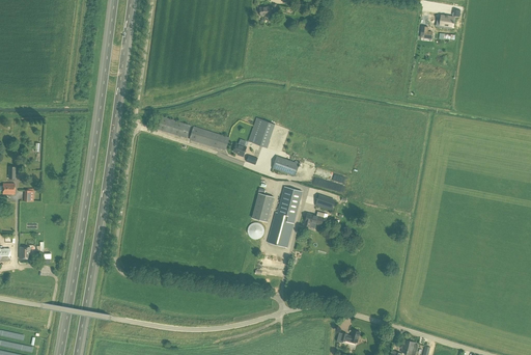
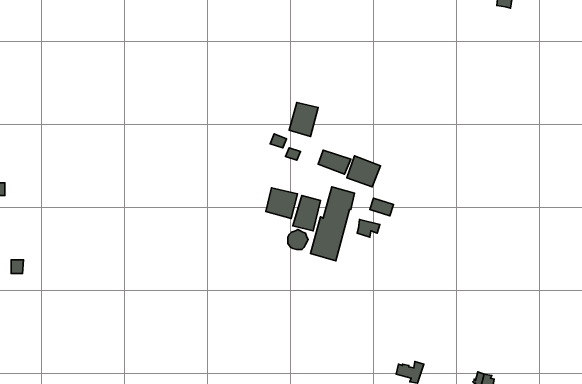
building: none -> [347,156,381,187]
building: none -> [266,188,297,218]

